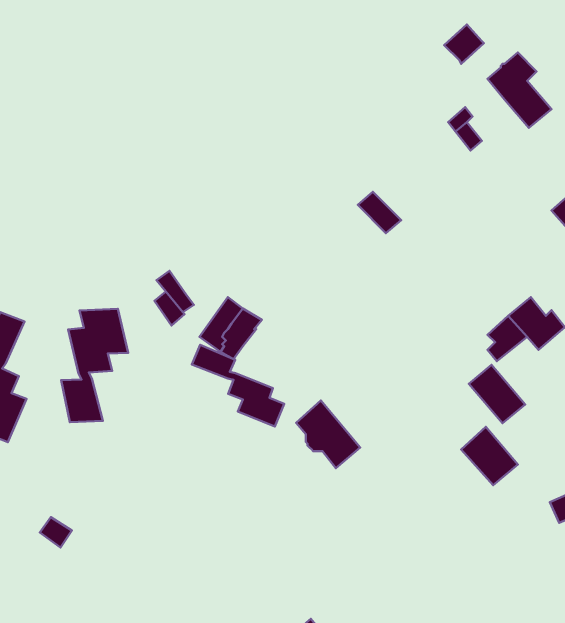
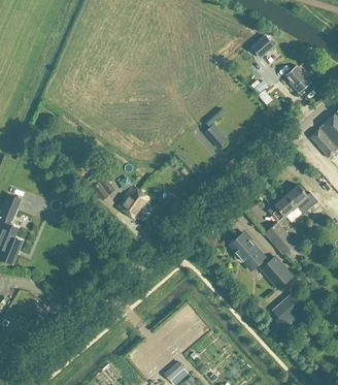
building: [61,309,128,422] -> none
building: [192,345,284,427] -> none
building: [296,400,360,468] -> [229,232,264,269]
building: none -> [272,293,305,326]

